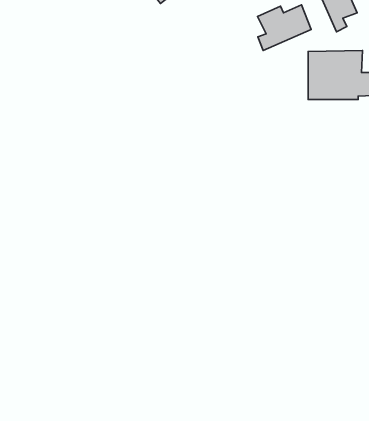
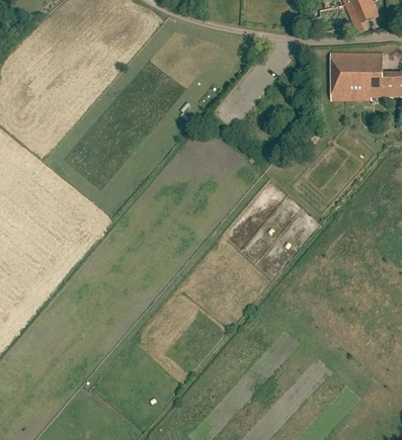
building: [257,5,311,51] -> none

